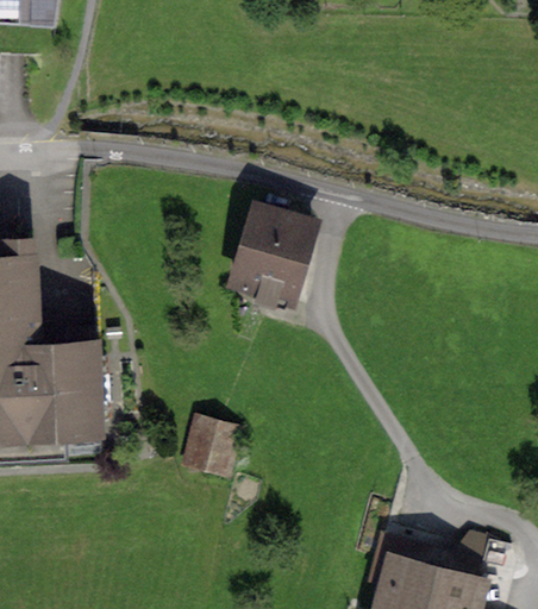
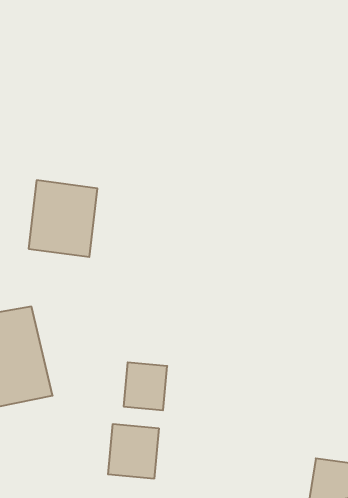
building: [229,206,314,299] -> [29,180,97,257]
building: none -> [108,424,159,479]

